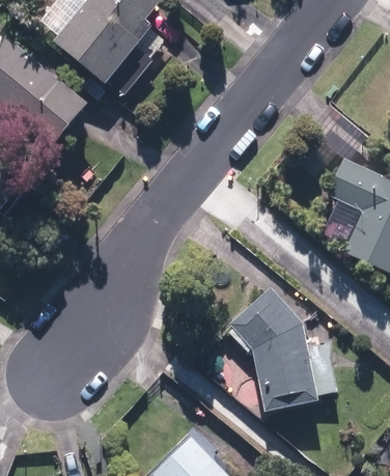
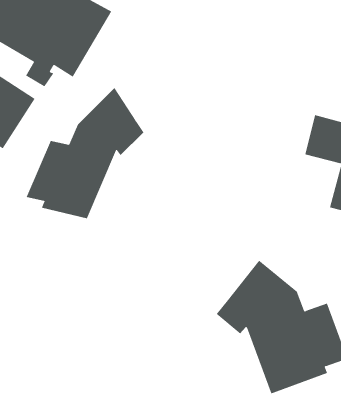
building: none -> [26,87,144,219]

